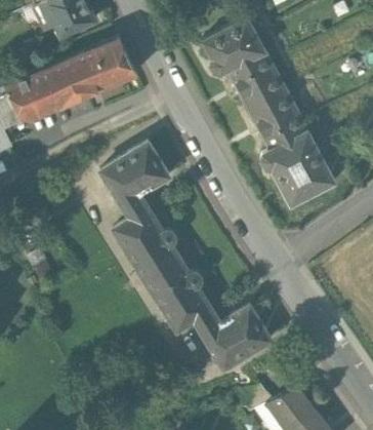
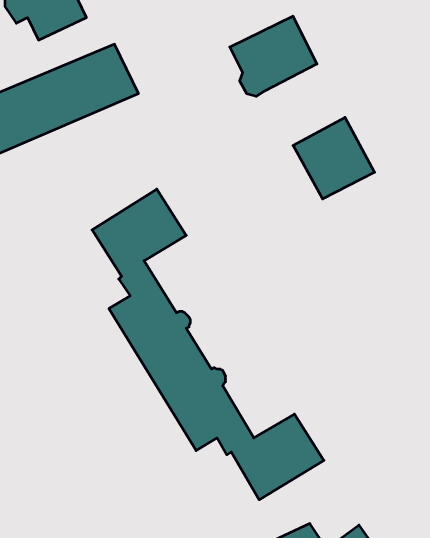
building: [229,52,287,112] -> none
building: [261,131,337,209] -> none

